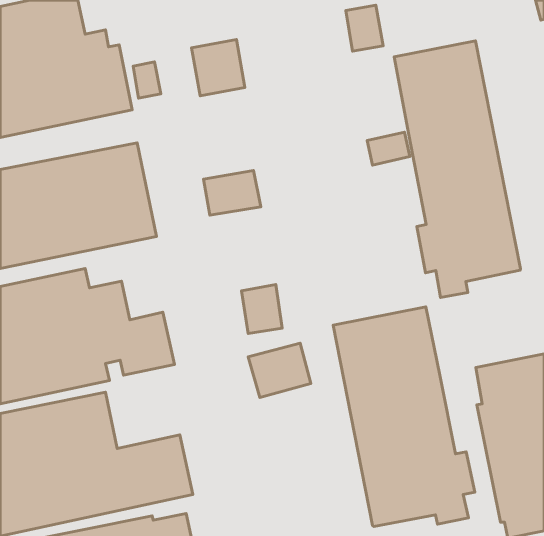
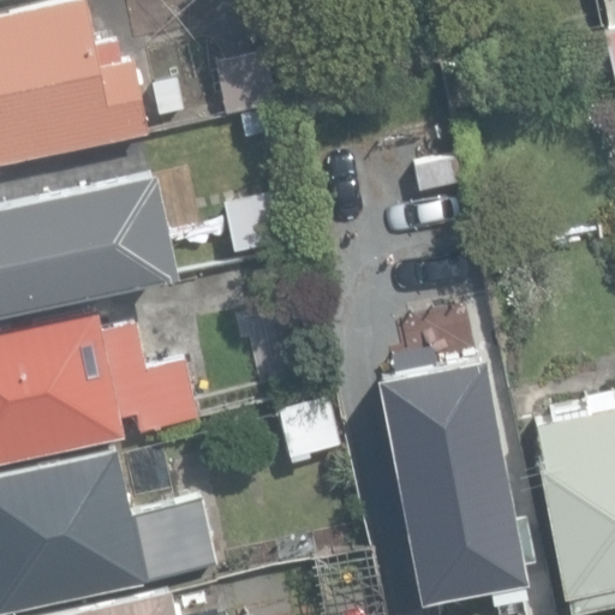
building: [394,41,520,297] -> none

